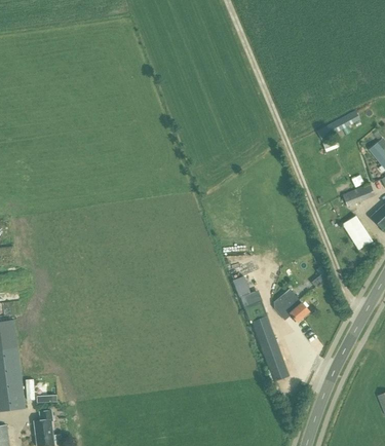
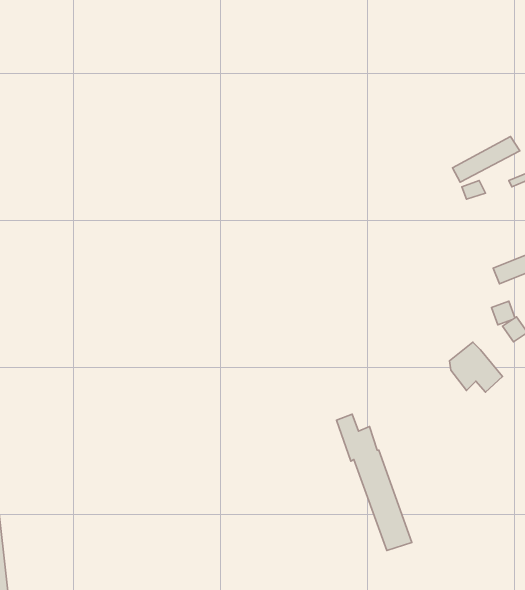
building: [274,289,309,322] -> [449,342,503,392]

